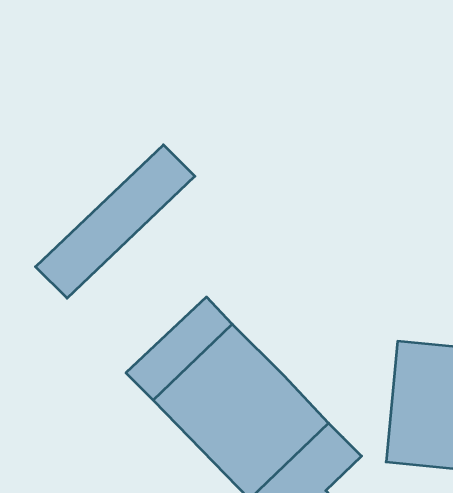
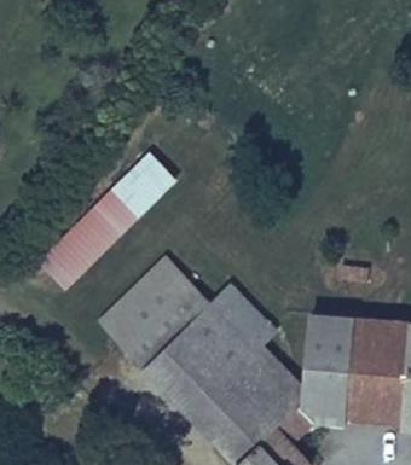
building: none -> [99,257,187,344]
building: none -> [209,283,273,347]
building: none -> [302,313,348,419]

